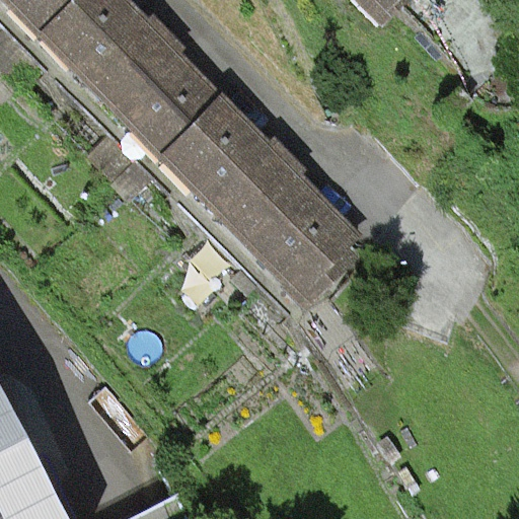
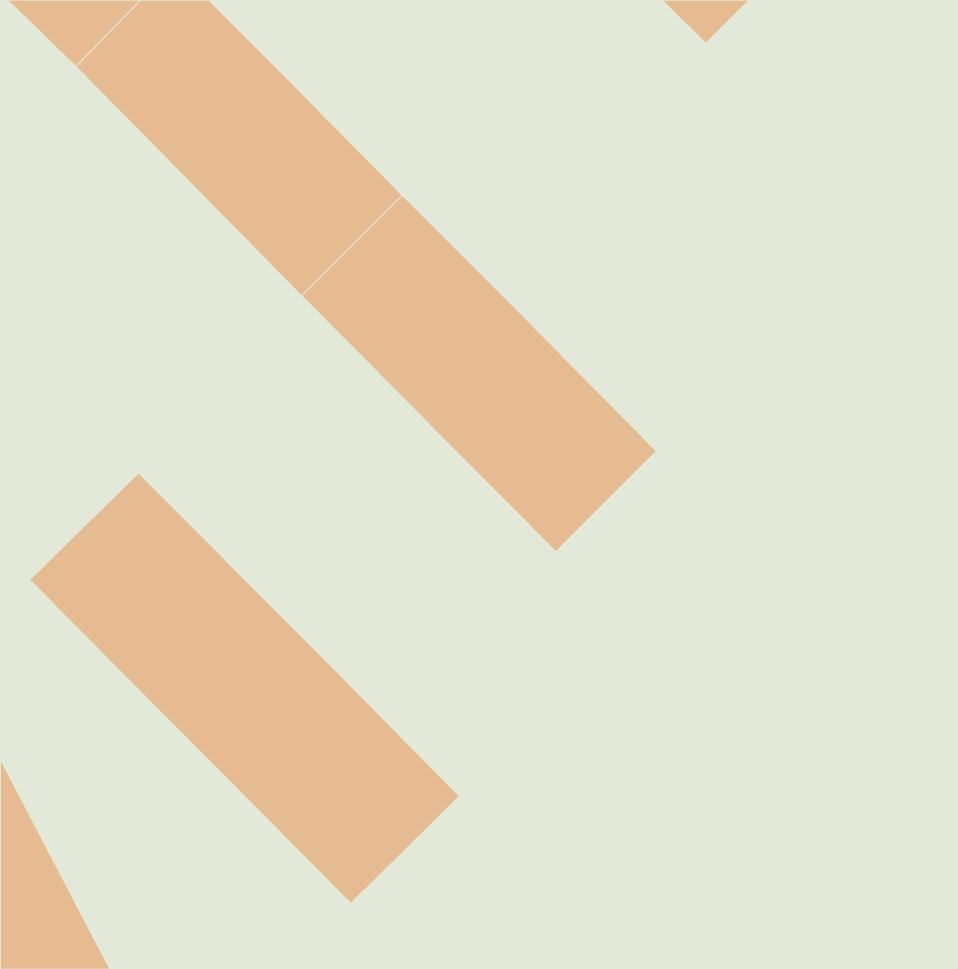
building: none -> [30,473,460,903]

